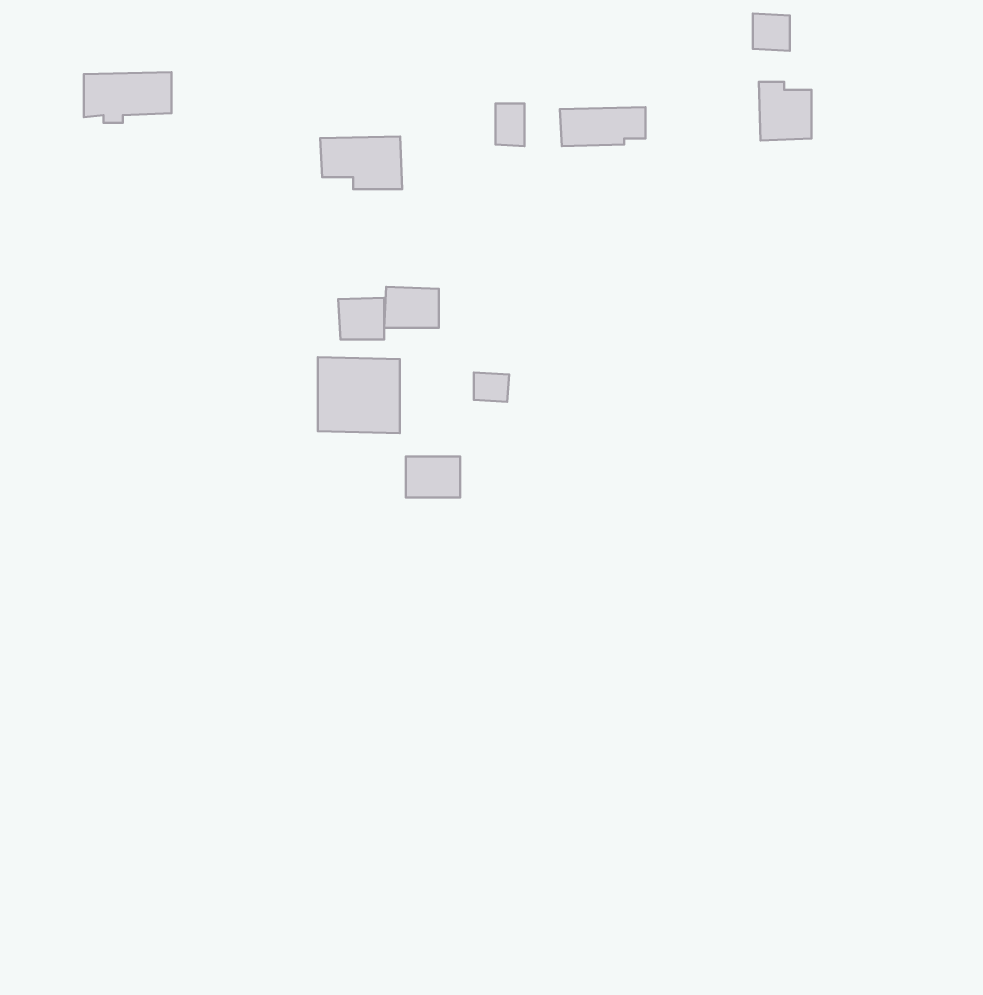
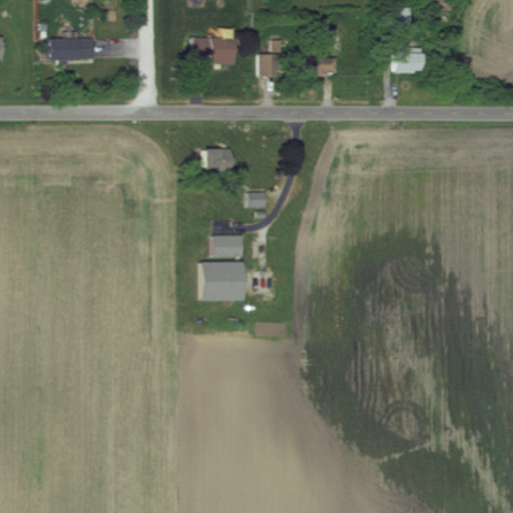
building: [320,136,402,189] -> [193,37,235,64]
building: [338,298,384,339] -> none
building: [318,357,400,433] -> [202,262,244,301]

